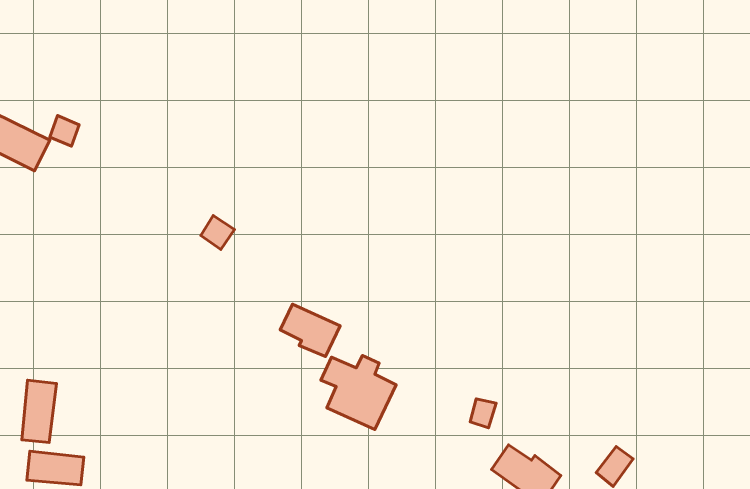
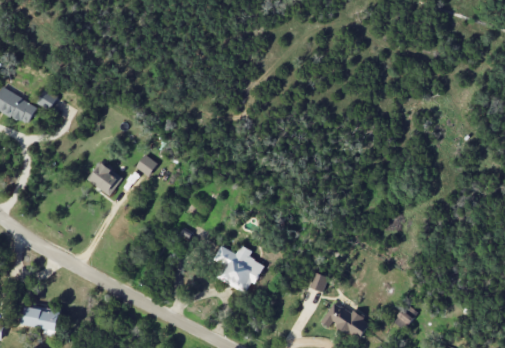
building: none -> [86,161,122,196]
building: [280,304,340,356] -> none
building: [22,380,56,443] -> none

